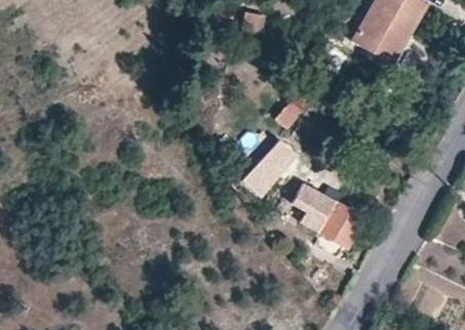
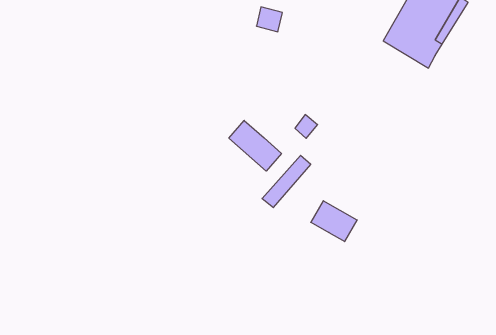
building: none -> [229,120,281,171]
building: [300,200,363,249] -> none

